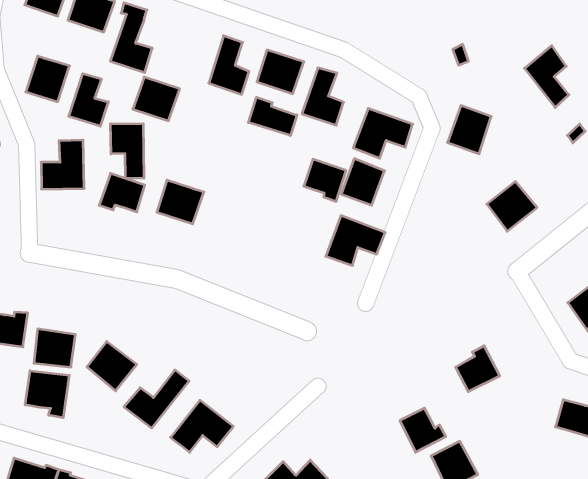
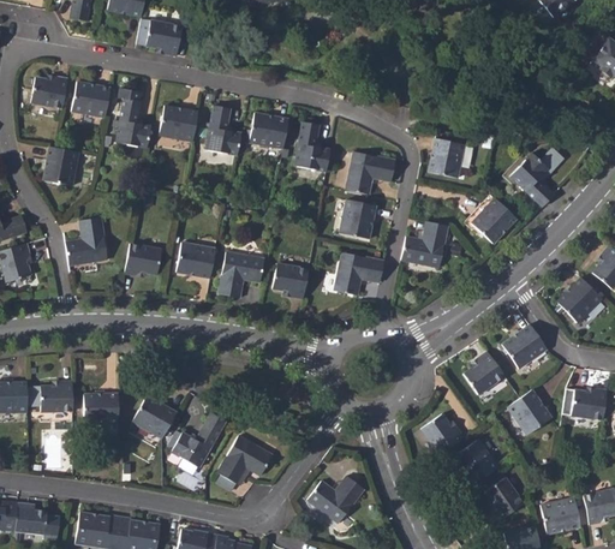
building: [524,46,569,108] -> [510,151,554,207]
building: [69,74,108,126] -> none
building: [133,77,180,121] -> [159,105,198,141]
building: [248,97,297,136] -> none
building: [111,124,144,178] -> none
building: [304,159,346,201] -> [273,263,309,298]
building: none -> [401,221,448,268]
building: none -> [219,251,264,297]
building: none -> [502,323,548,368]
building: [25,371,69,418] -> none
building: none -> [508,388,553,434]

